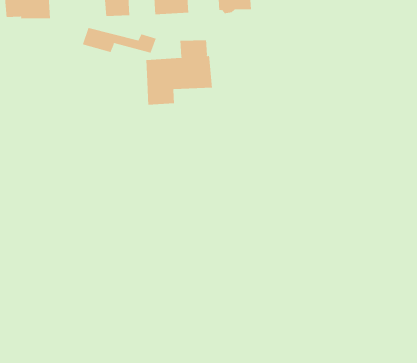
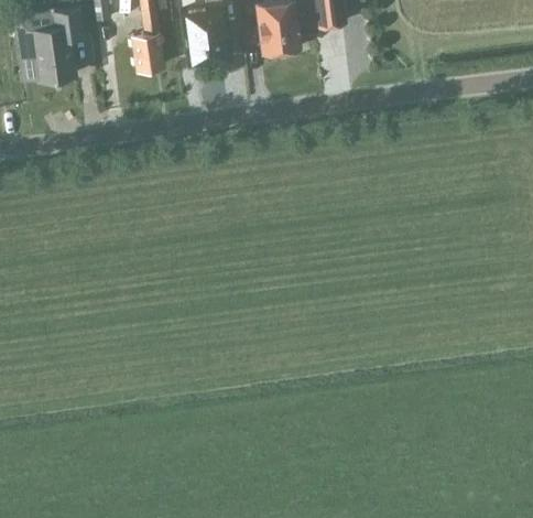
building: [82,27,156,54] -> none
building: [146,40,213,105] -> none

